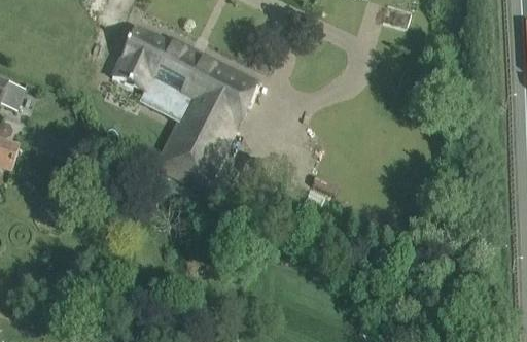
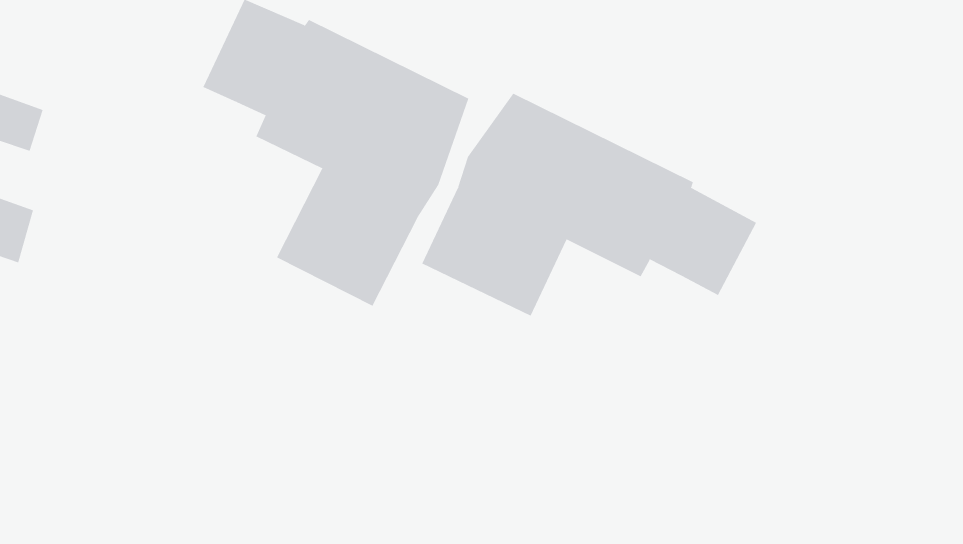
building: none -> [422,93,757,317]

